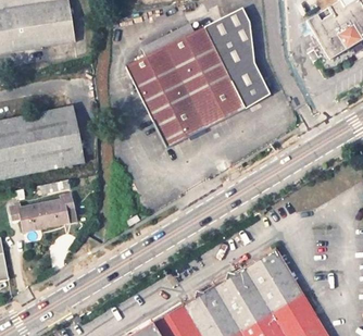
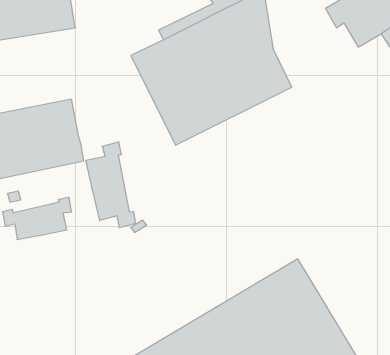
building: none -> [86,142,136,228]

